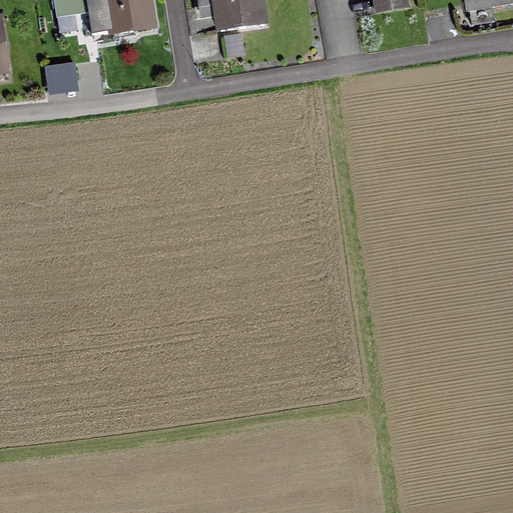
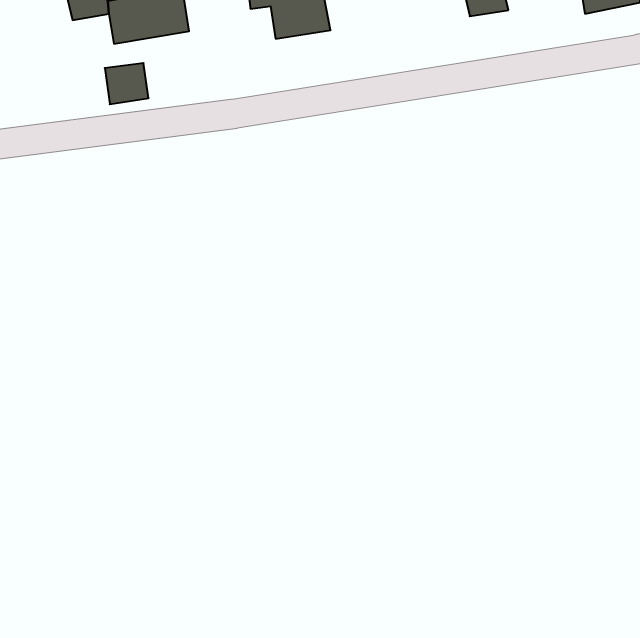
building: [45,62,80,95] -> [105,63,149,104]

